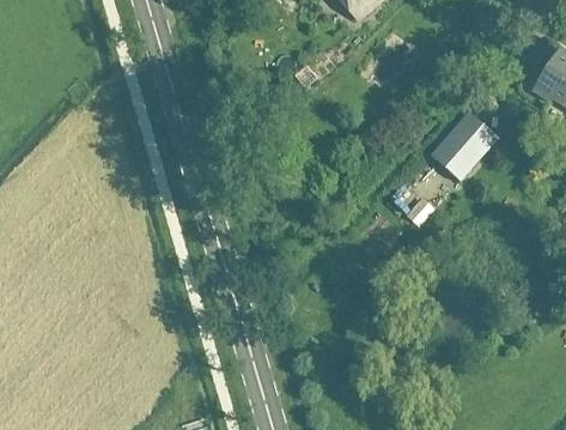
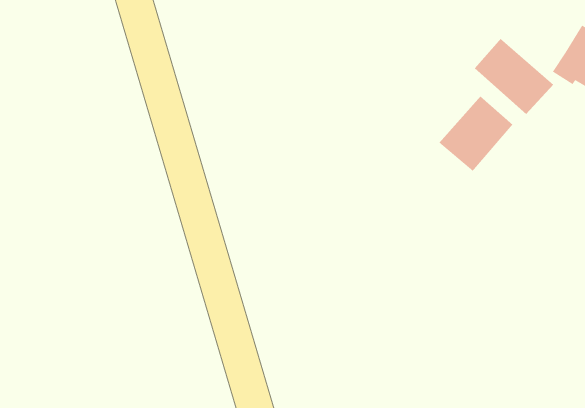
building: none -> [474,38,554,115]

